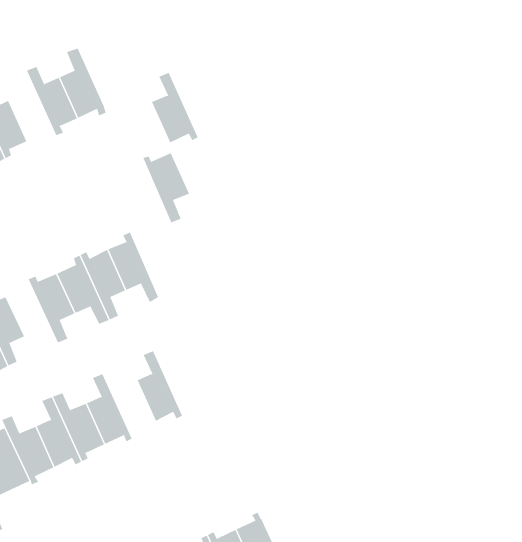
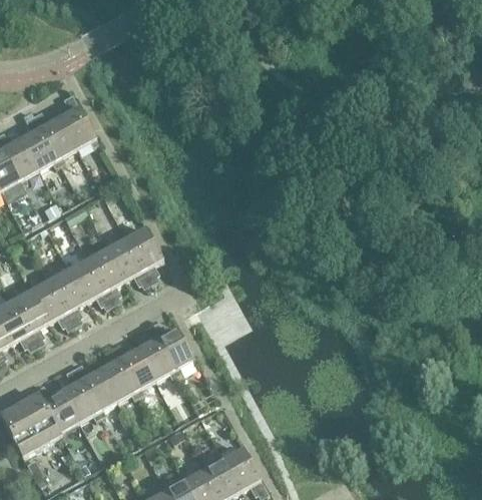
building: [151,72,199,143] -> [18,115,57,170]
building: [143,152,190,223] -> [121,228,160,284]
building: none -> [28,278,71,331]
building: none -> [146,322,190,375]
building: none -> [108,343,152,396]

